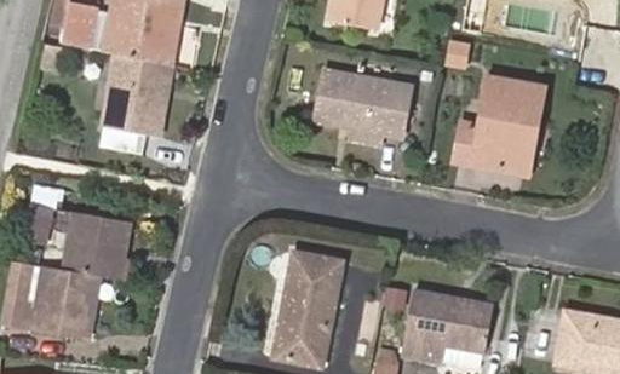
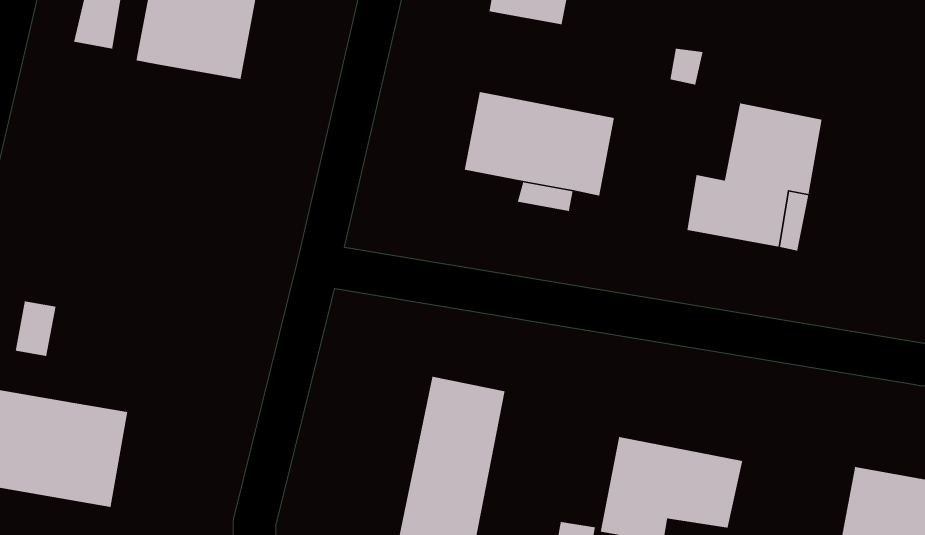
building: [105,53,172,132] -> none
building: [64,212,130,280] -> none

